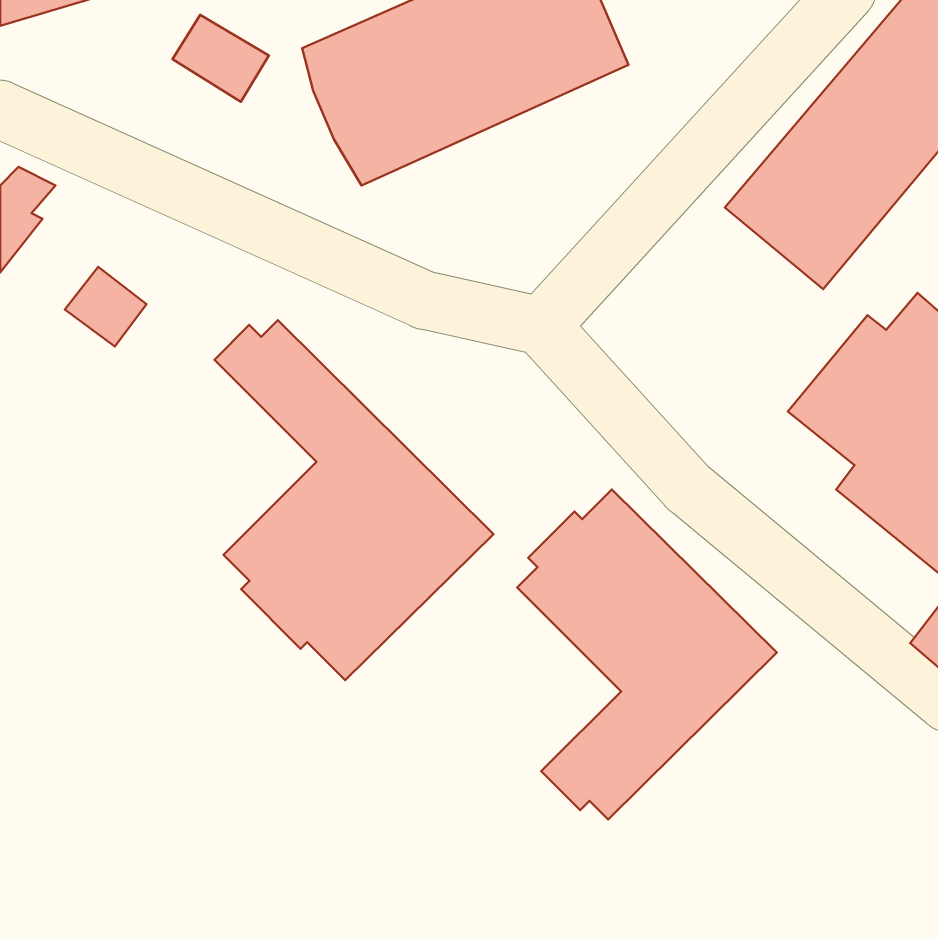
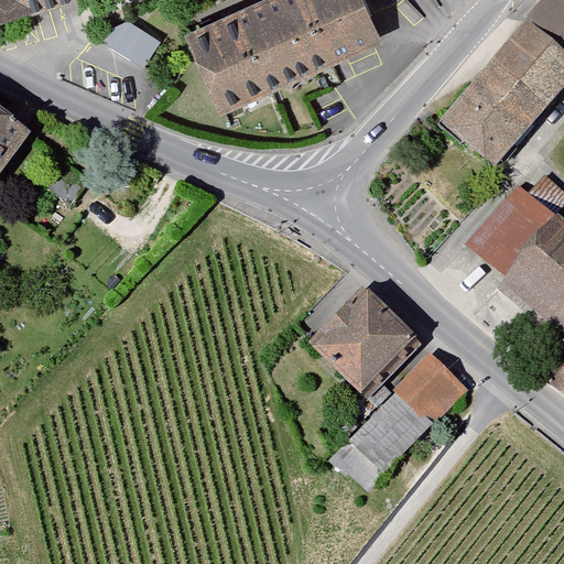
building: [214,320,493,680] -> none

